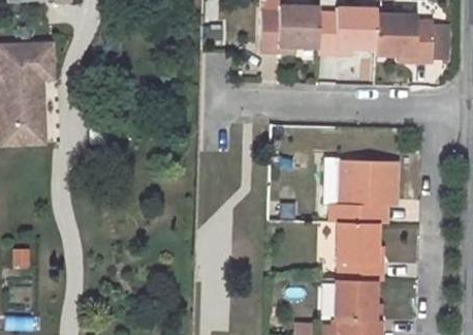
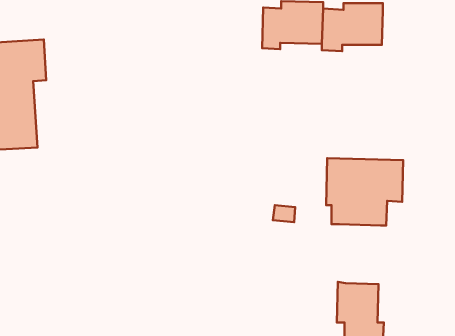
building: [380,14,439,63] -> none
building: [338,221,383,279] -> none

